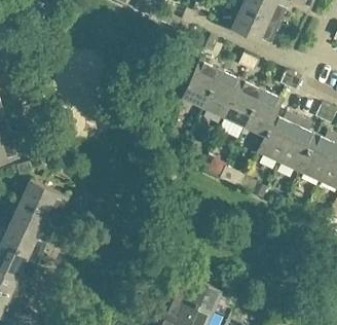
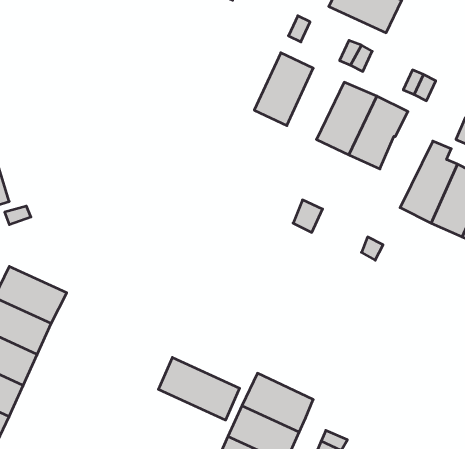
building: [202,70,240,117] -> none
building: [256,112,299,162] -> none
building: [18,180,67,219] -> none
building: none -> [158,357,240,420]

